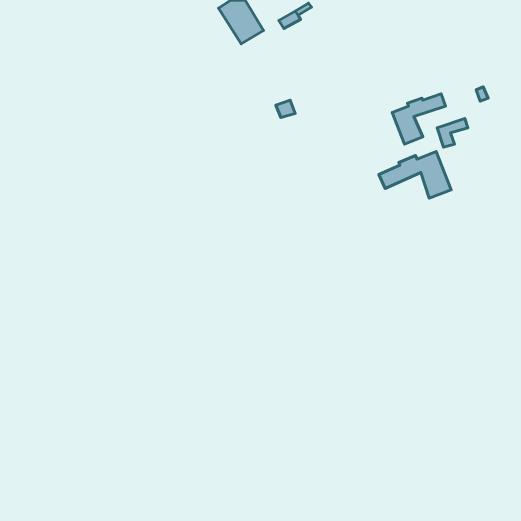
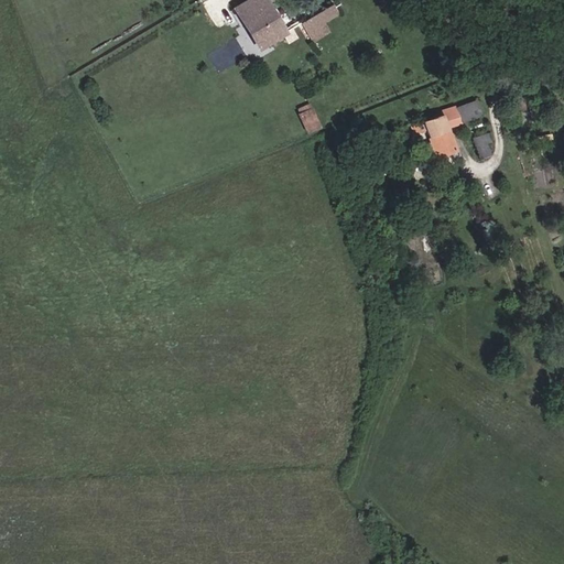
building: [379,151,451,198] -> none

